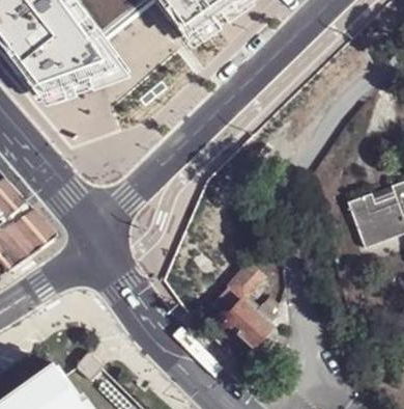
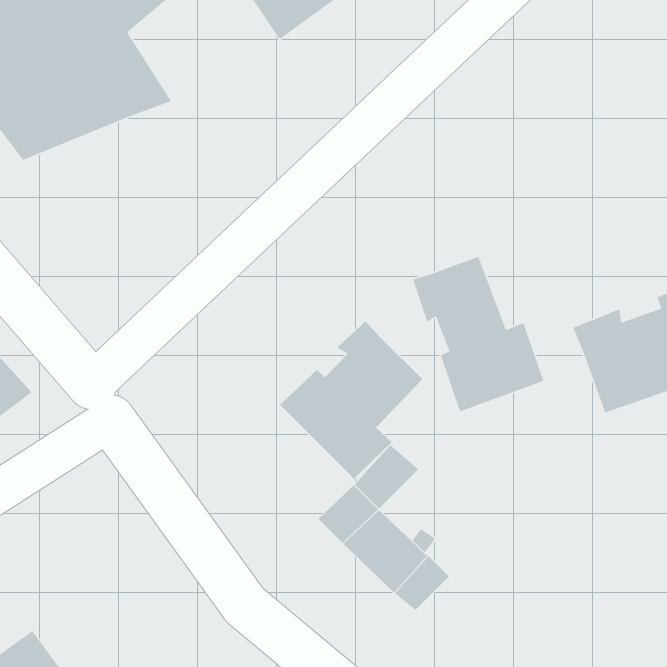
building: none -> [412,256,544,413]
building: none -> [279,320,423,479]

